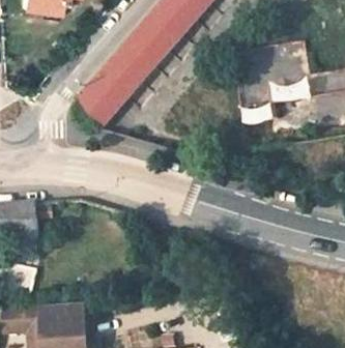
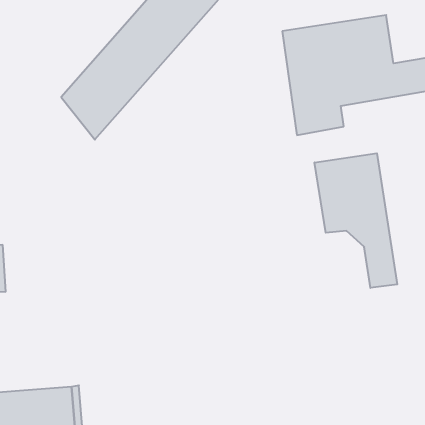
building: none -> [315,153,397,288]

